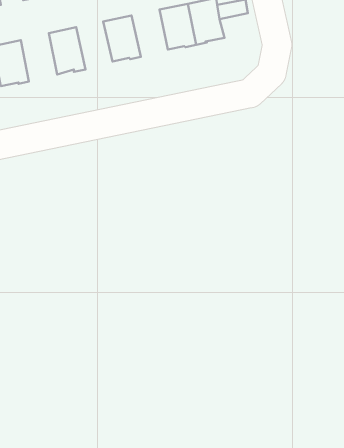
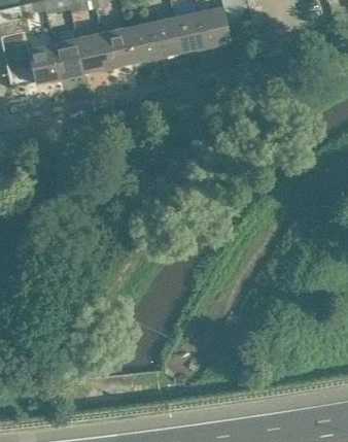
building: none -> [149,16,181,58]
building: none -> [101,27,133,69]
building: none -> [53,37,84,79]

